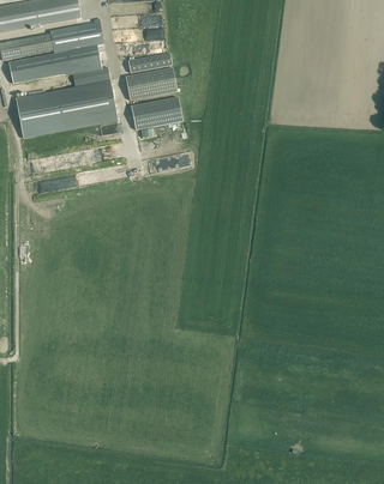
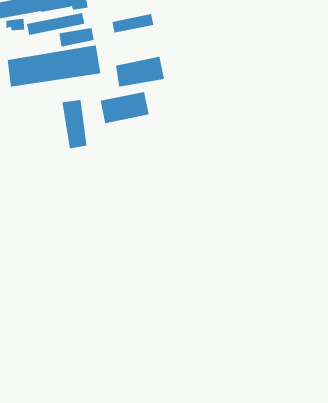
building: [124,67,175,101] -> [100,91,149,124]
building: none -> [62,99,87,149]

